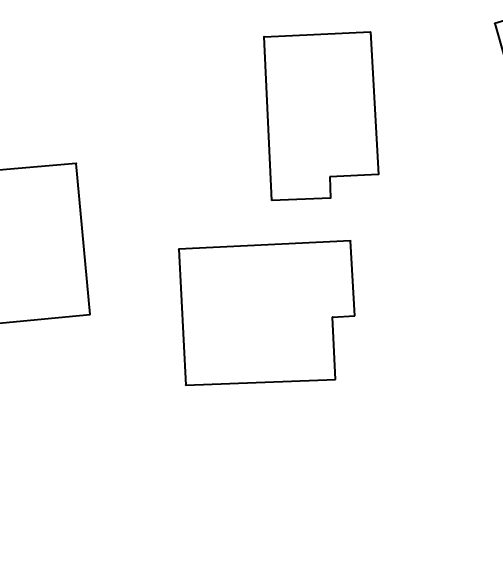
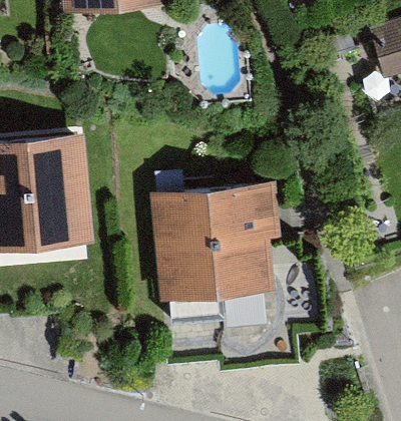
building: [264,32,379,200] -> none

